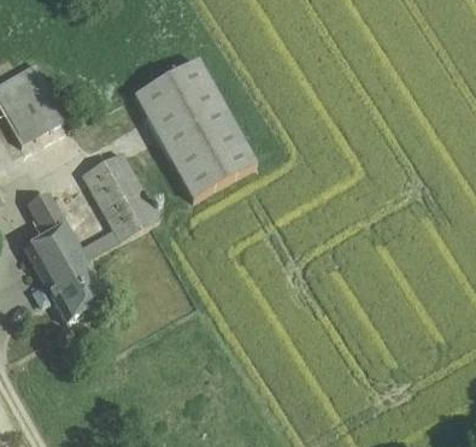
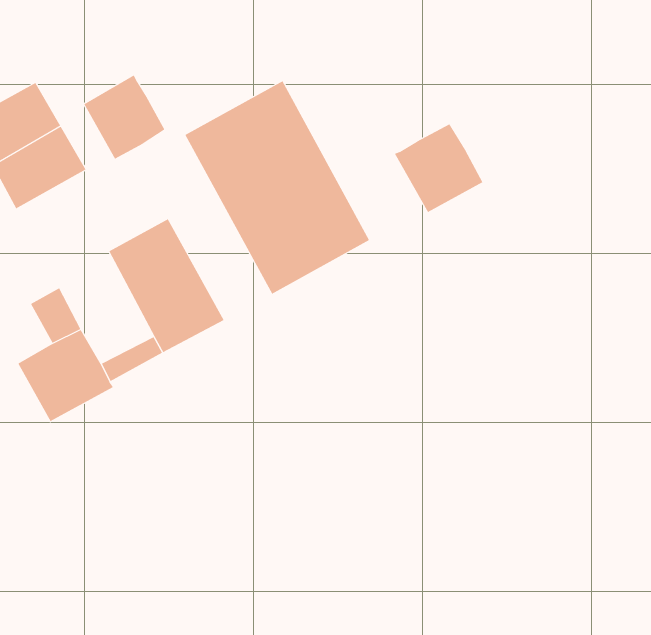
building: none -> [83,74,165,159]
building: none -> [394,123,483,213]
building: [43,263,105,320] -> none

